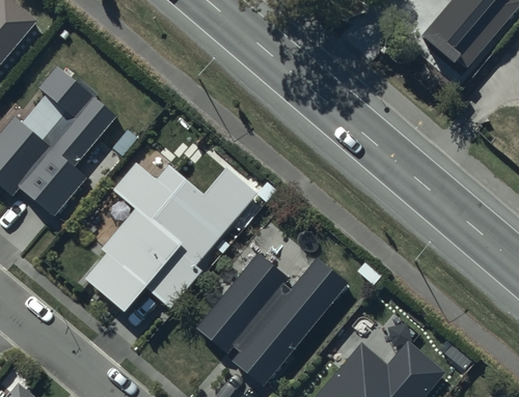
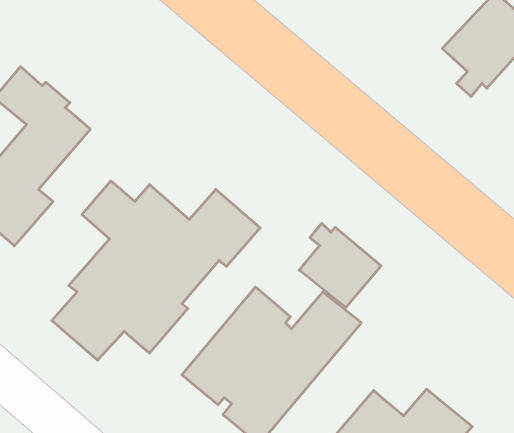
building: none -> [299,223,381,307]

